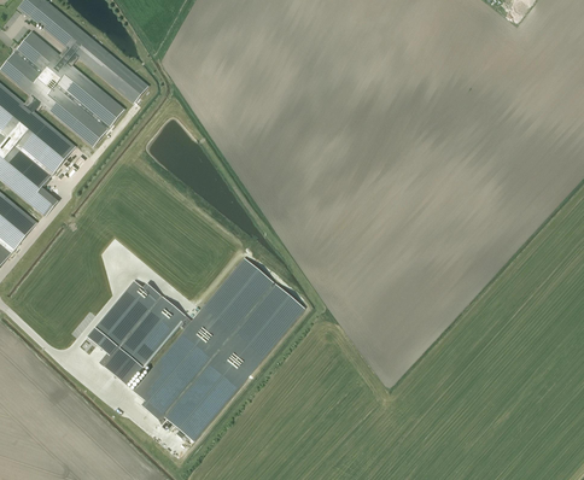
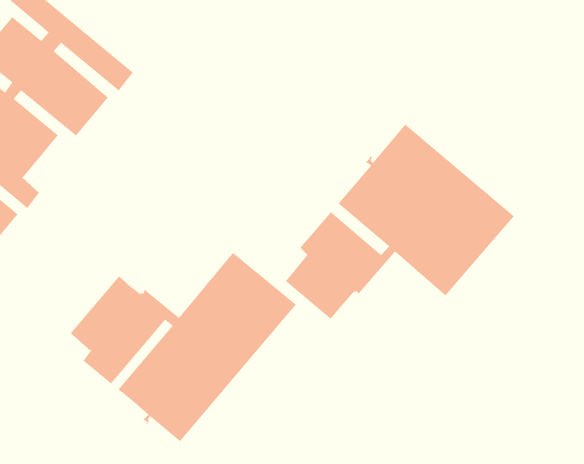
building: none -> [285,124,515,320]

